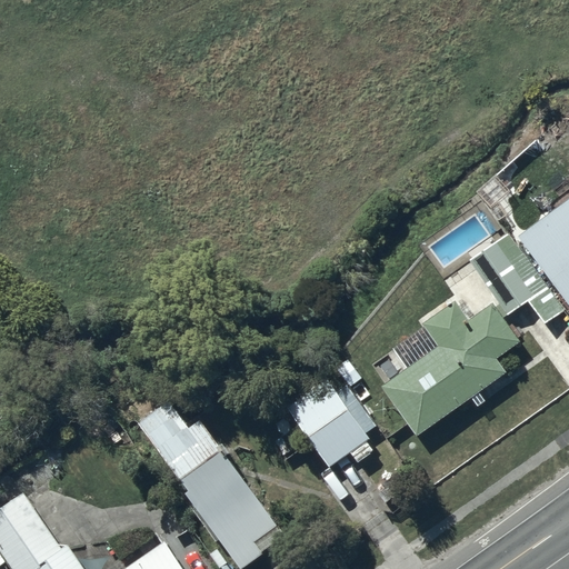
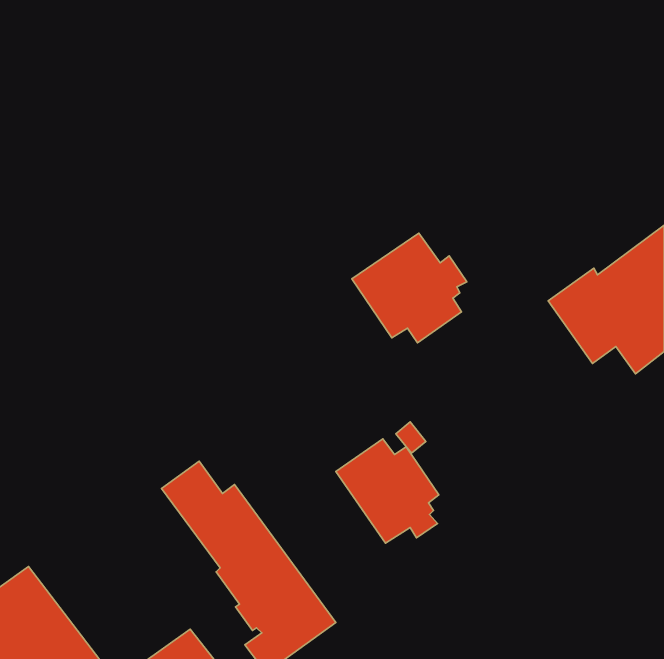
building: none -> [352,233,467,343]
building: [371,305,519,439] -> none

